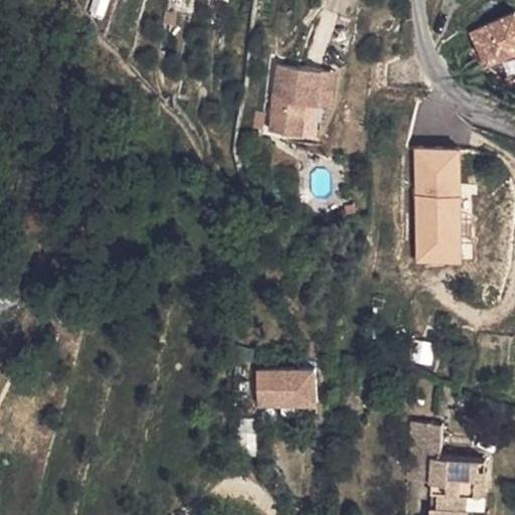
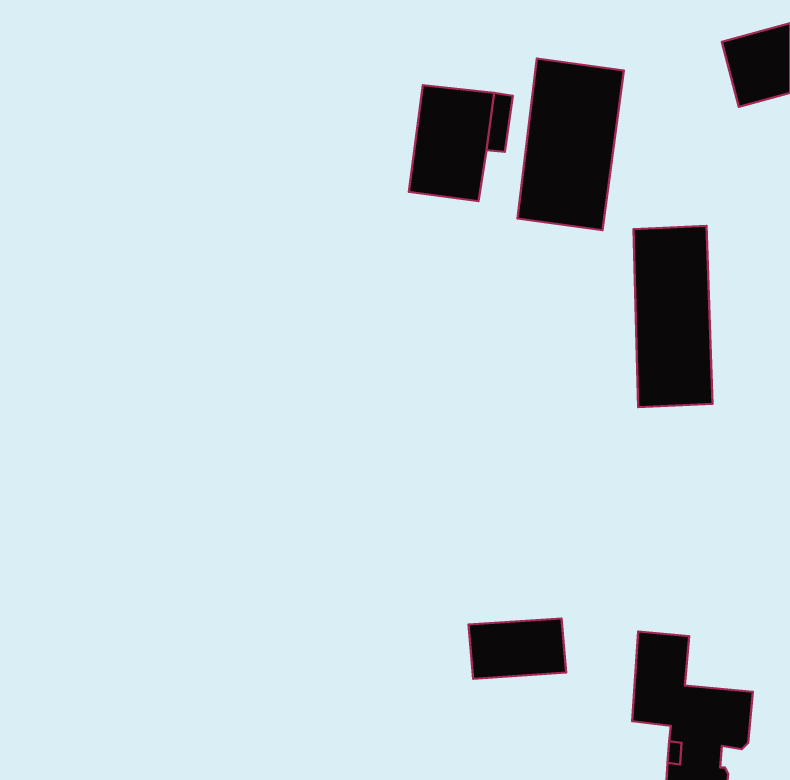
building: none -> [517,59,624,230]
building: [253,366,317,405] -> [468,618,566,679]

